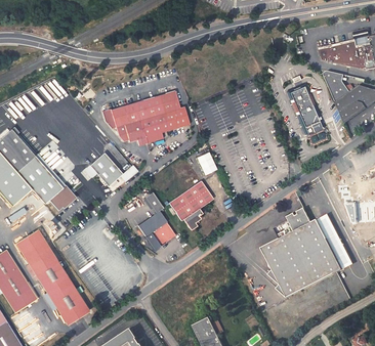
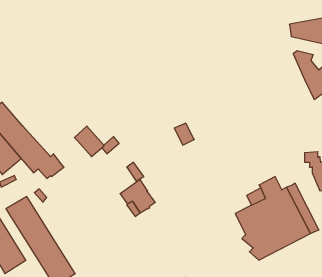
building: [290,87,324,136] -> none
building: [101,90,187,144] -> none
building: [168,181,213,231] -> none

